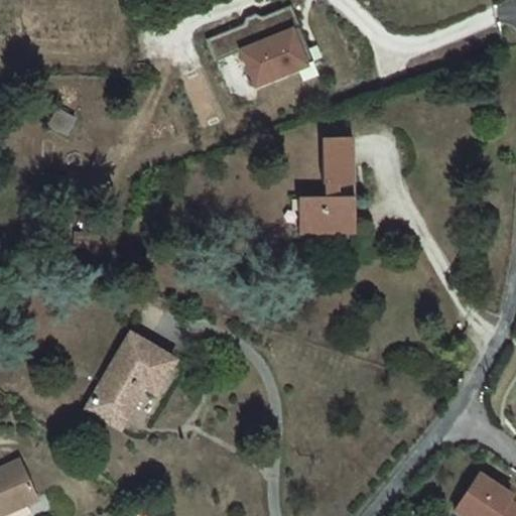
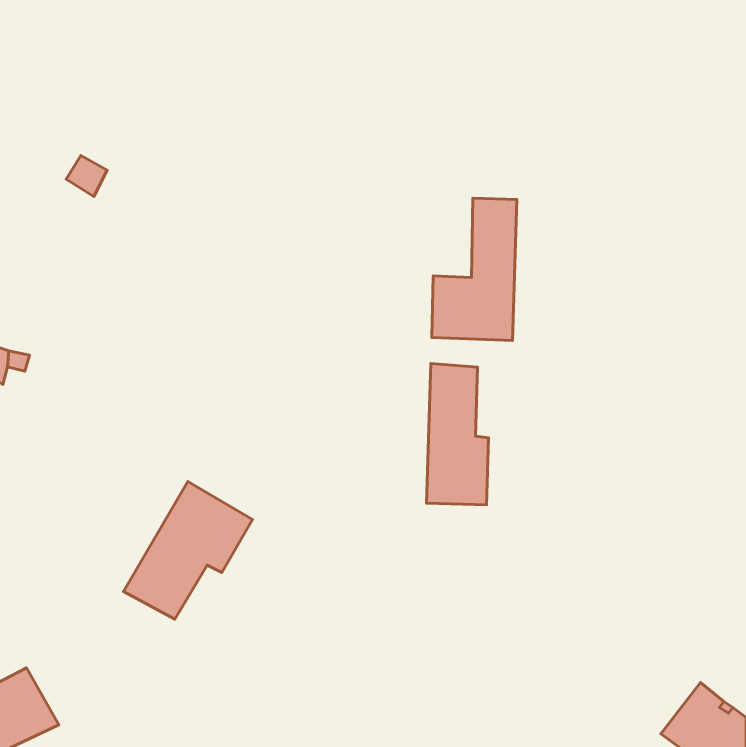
building: [207,8,311,88] -> none
building: none -> [426,364,489,505]

